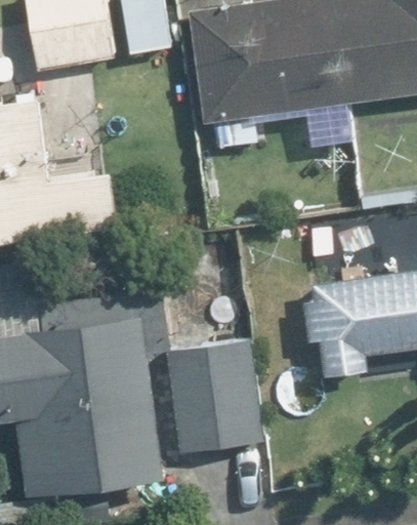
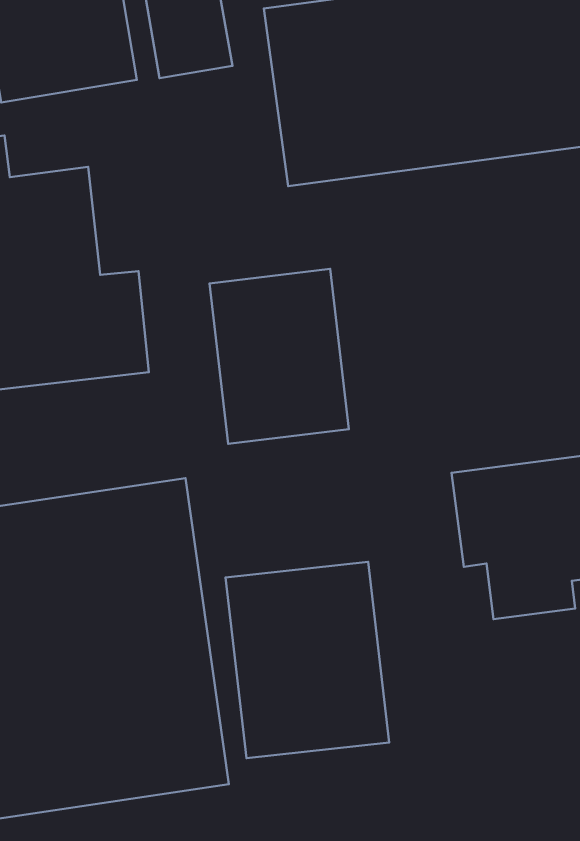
building: none -> [210,269,349,444]

